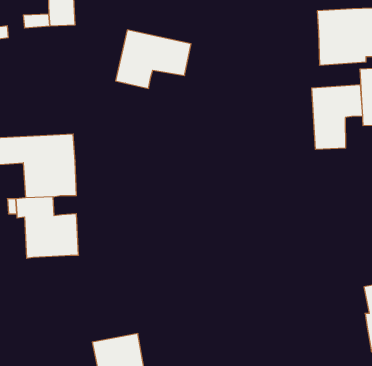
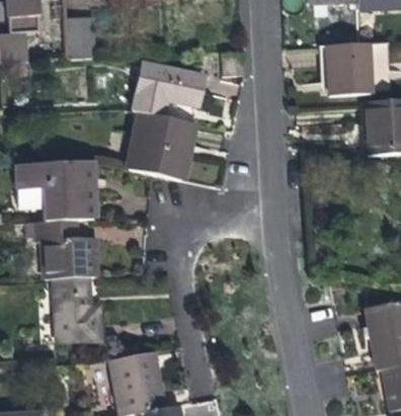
building: none -> [128,112,192,180]
building: [312,84,362,149] -> none
building: none -> [52,276,98,342]

